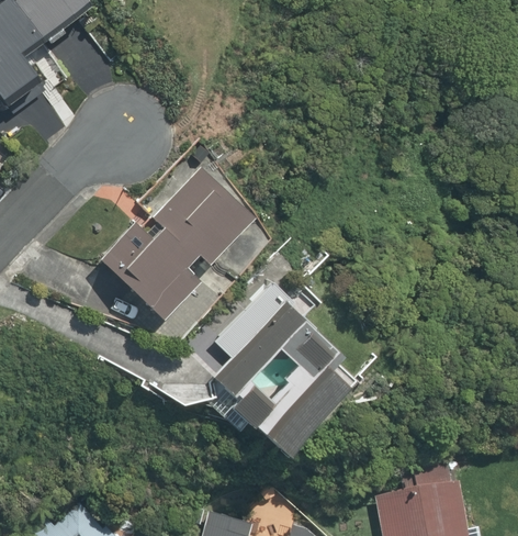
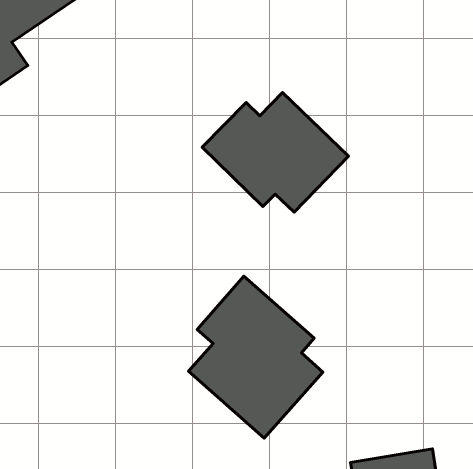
building: none -> [202,92,348,212]
building: [108,161,260,316] -> none

